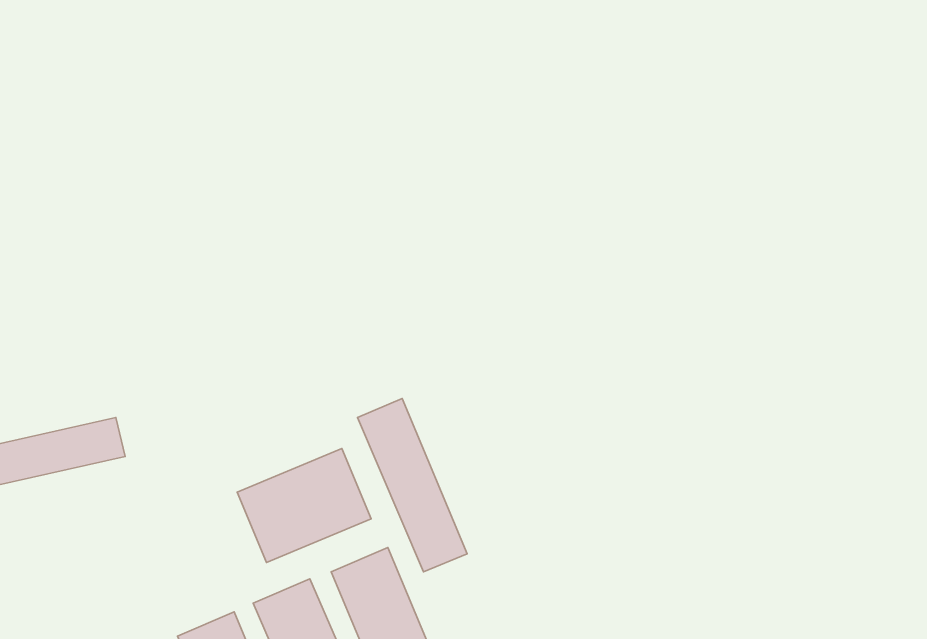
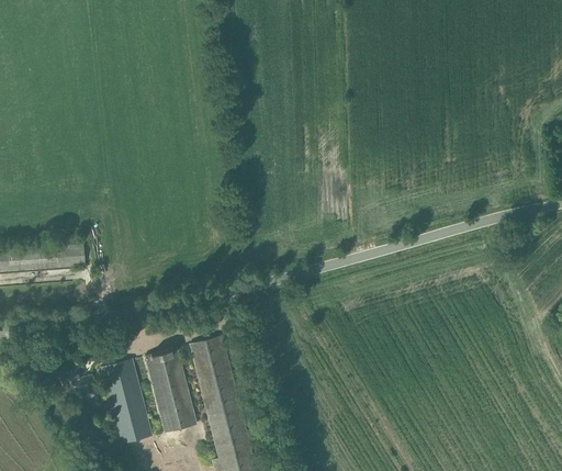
building: [358,399,467,572] -> none
building: [237,449,371,562] -> none

